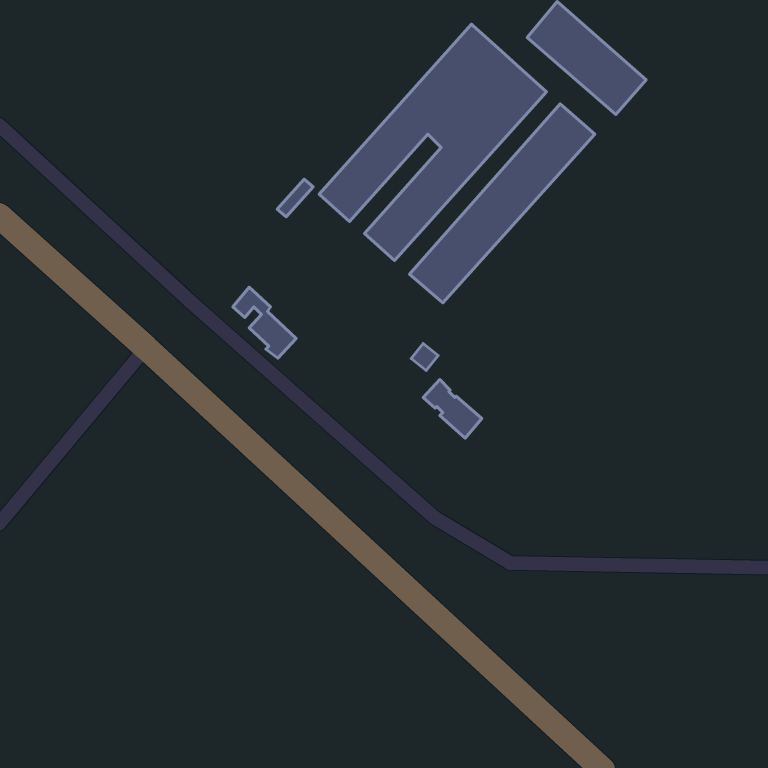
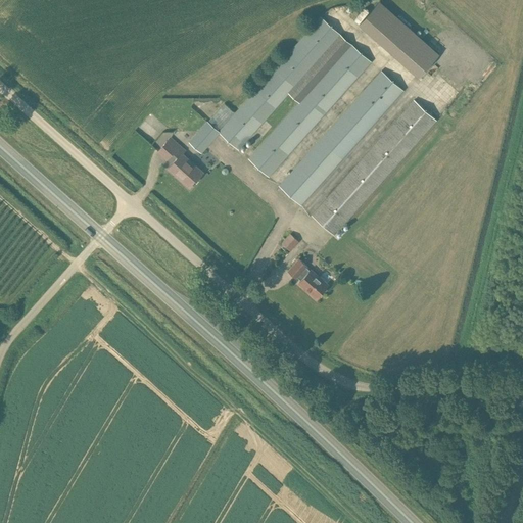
building: none -> [312,101,436,236]
building: [233,287,296,358] -> [158,139,201,187]

